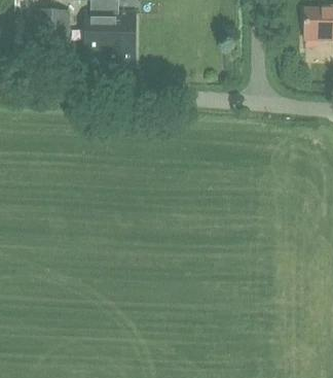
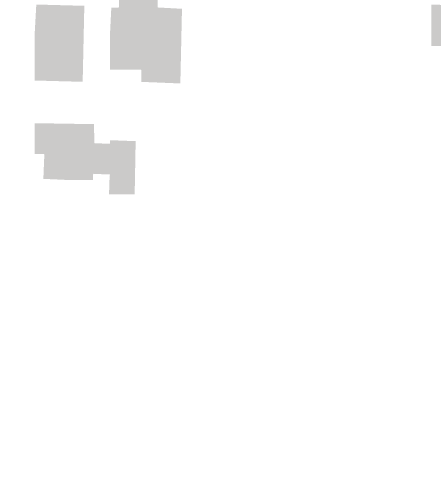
building: none -> [34,122,136,195]

